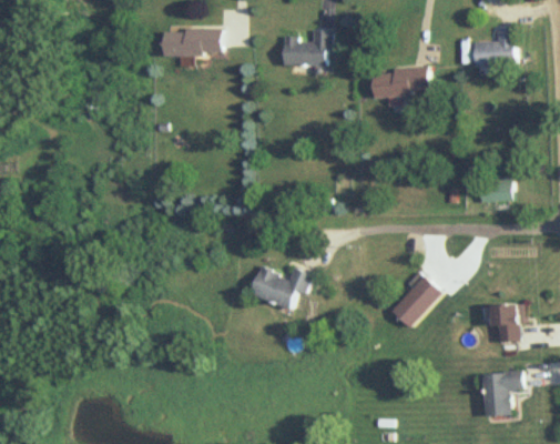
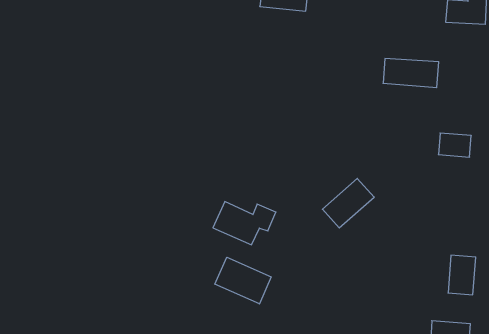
building: [371,68,427,94] -> [383,59,439,88]
building: [388,275,440,327] -> [322,178,374,228]
building: none -> [215,257,271,304]

